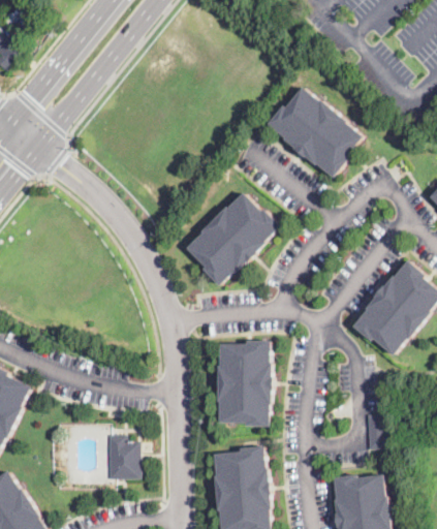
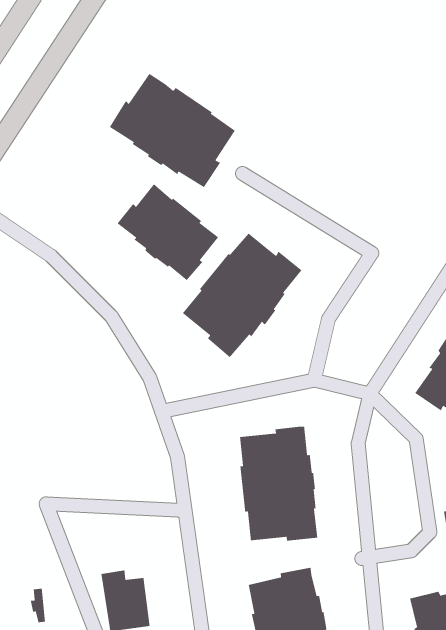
building: [267,87,361,177] -> [109,73,236,188]
building: none -> [116,183,219,281]

